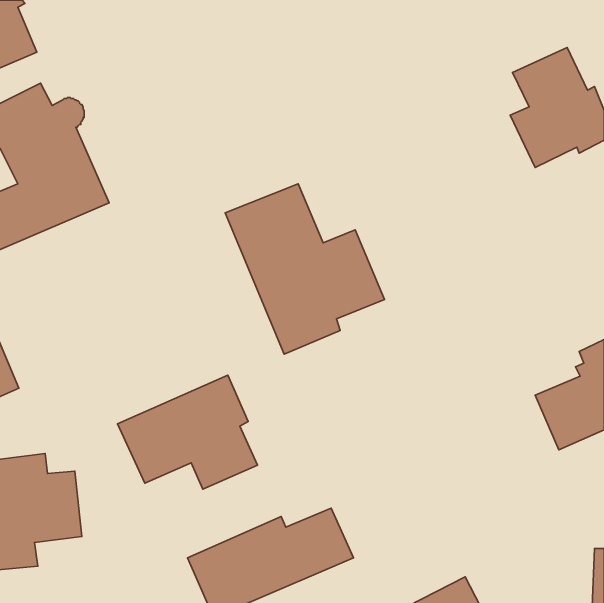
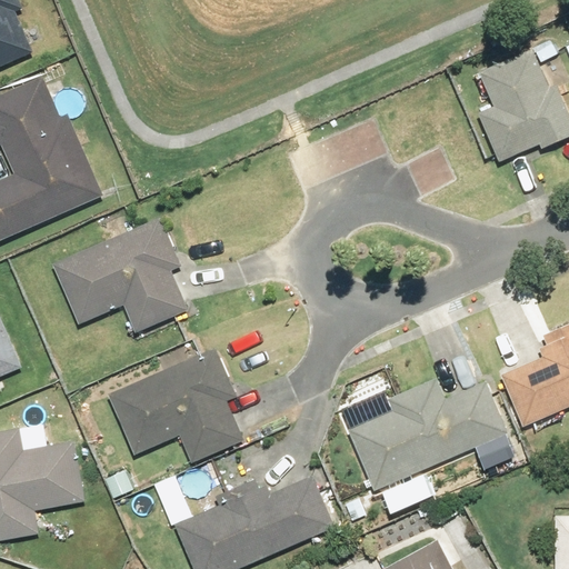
building: [225,184,385,354] -> none
building: none -> [52,224,184,330]
building: none -> [350,377,508,488]

